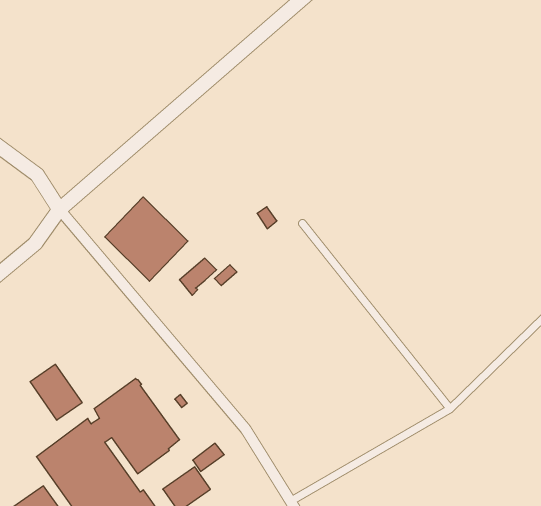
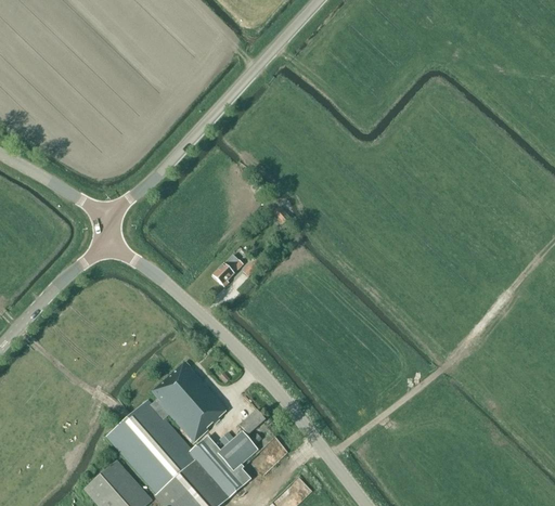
building: [105,197,188,281] -> none
building: [30,364,82,420] -> none

